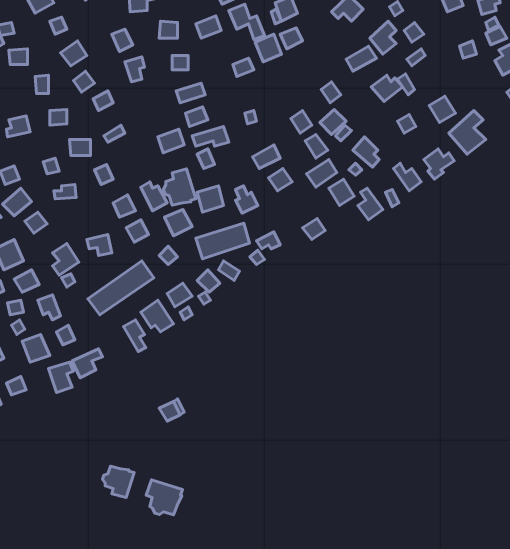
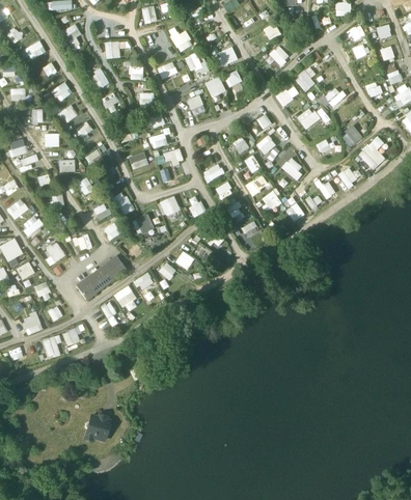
building: [163,169,196,205] -> none
building: [196,223,249,259] -> none
building: [146,480,183,515] -> none

